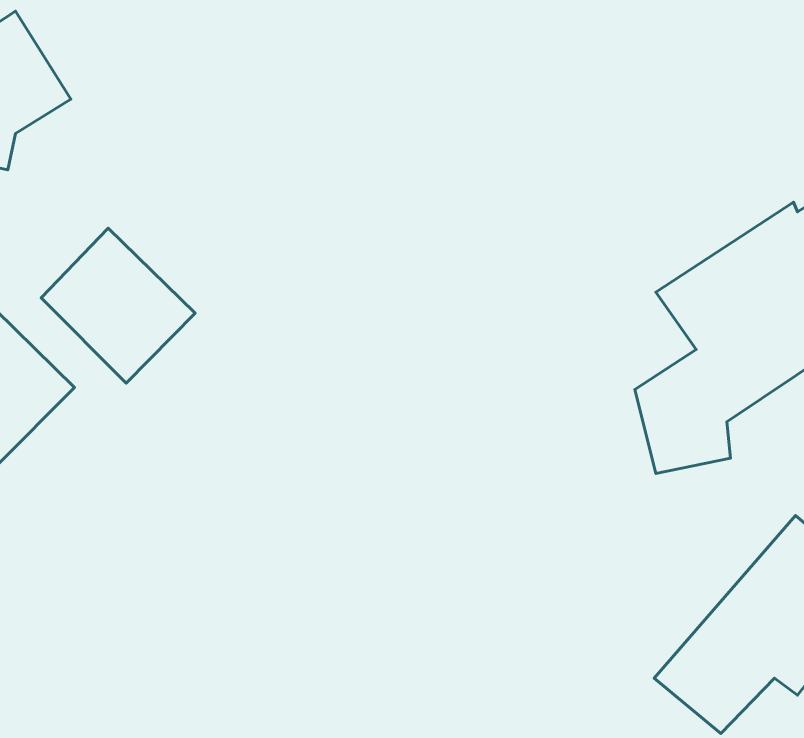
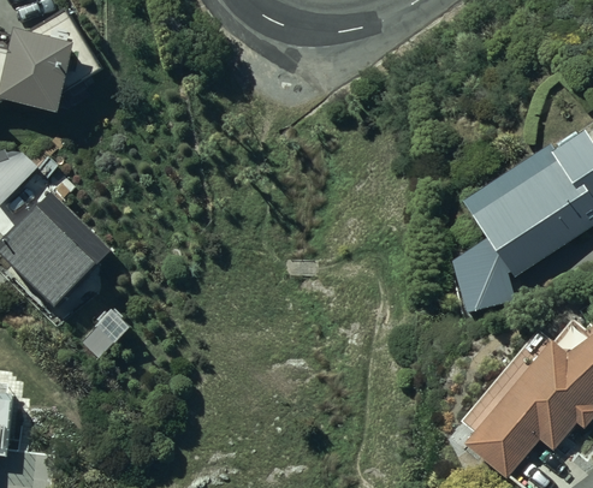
building: [41,228,195,383] -> none

